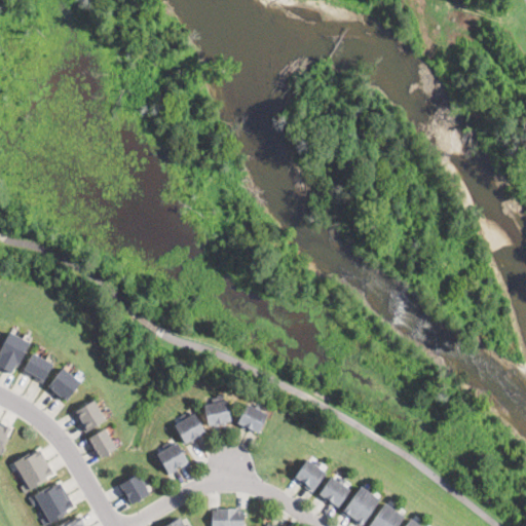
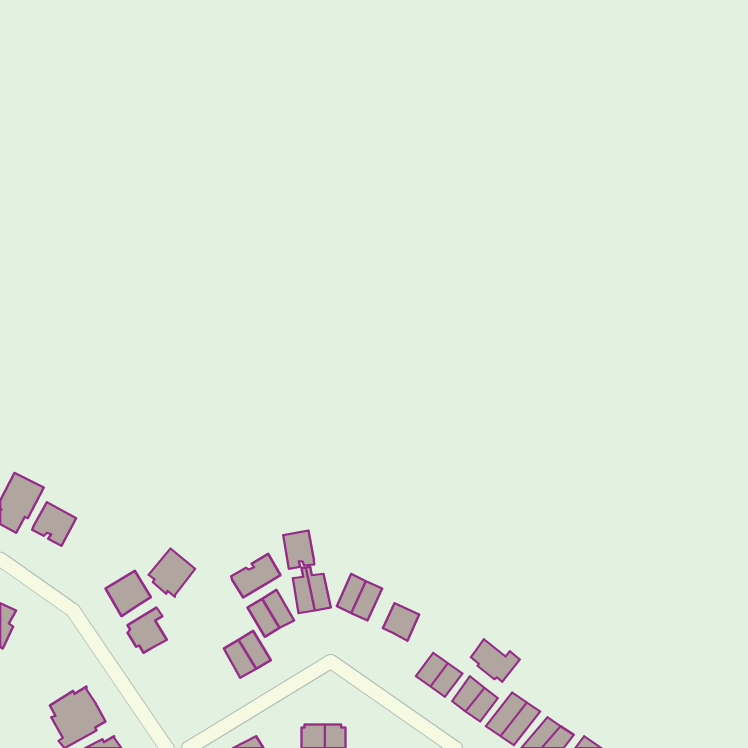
building: [48,368,81,402] -> [148,548,195,597]
building: none -> [283,530,314,569]
building: none -> [231,554,280,598]
building: none -> [383,603,419,641]
building: none -> [471,639,520,682]
building: [14,449,53,489] -> none
building: [118,473,147,503] -> none

